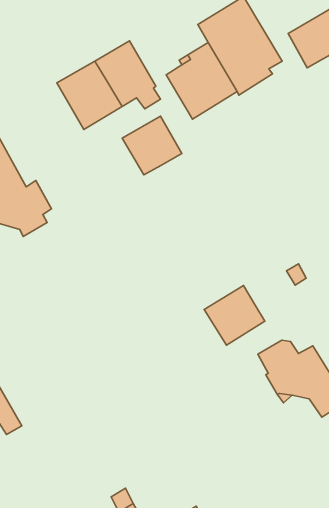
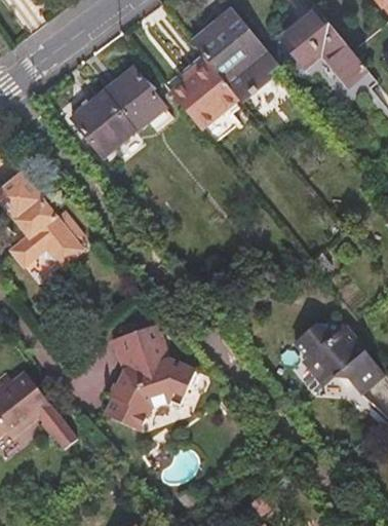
building: [122,116,182,175] -> none
building: [204,286,265,345] -> none
building: none -> [102,323,196,429]

